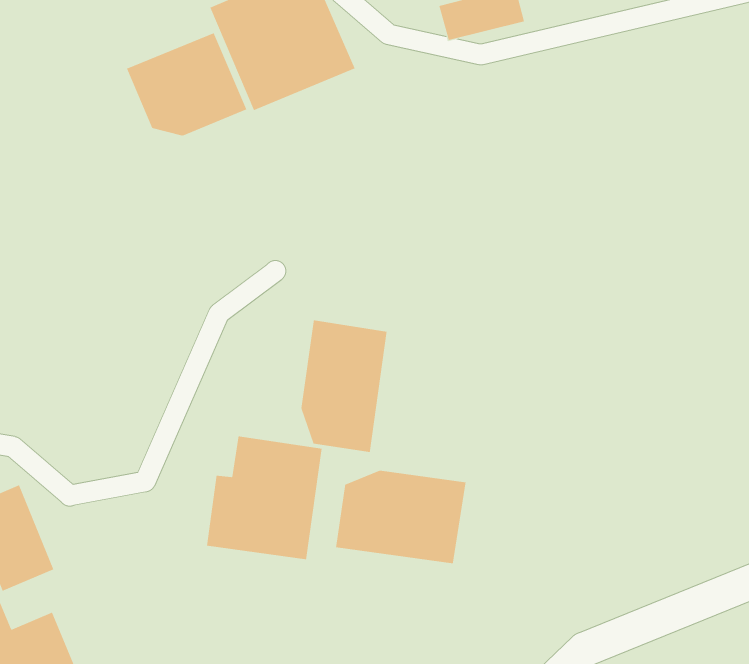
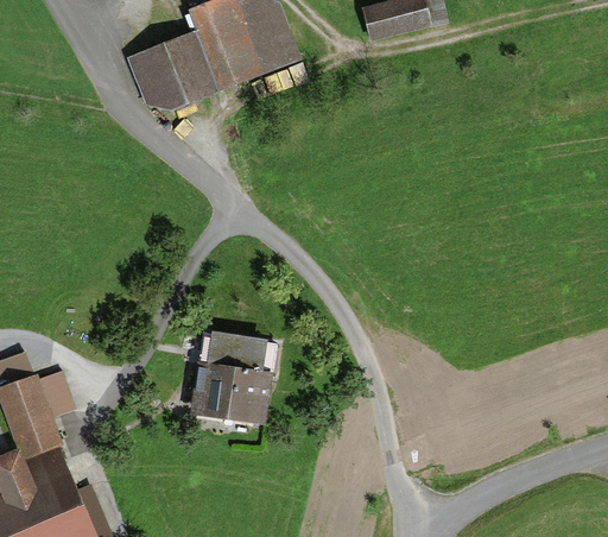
building: [301,320,387,453] -> none
building: [336,470,466,564] -> none

